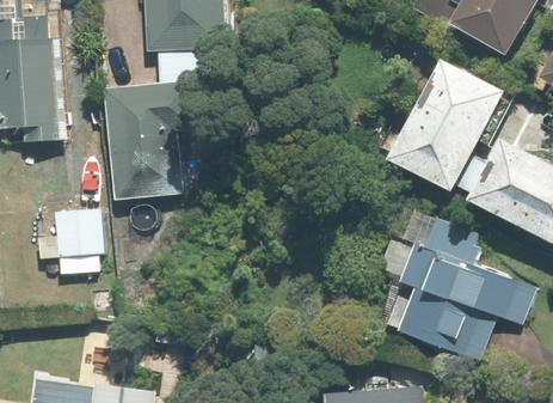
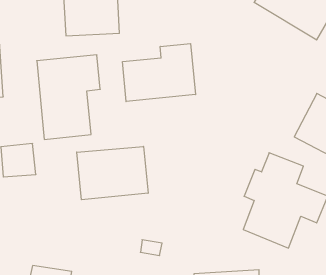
building: [393,59,506,190] -> none
building: none -> [123,44,196,102]
building: none -> [77,146,148,200]

